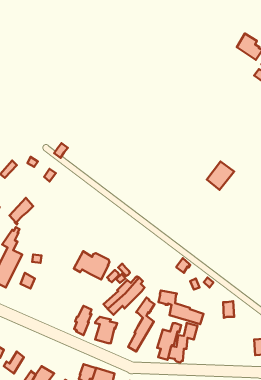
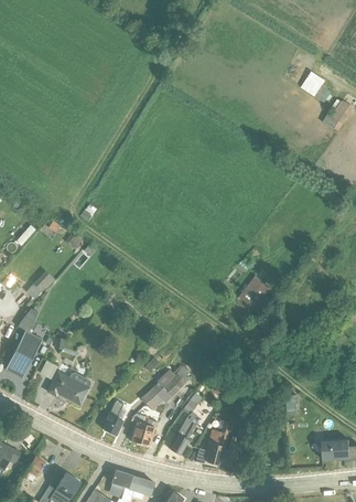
building: [207,161,234,190] -> [237,276,270,310]
building: [74,251,110,280] -> [46,371,89,405]
building: [159,290,203,324] -> none

